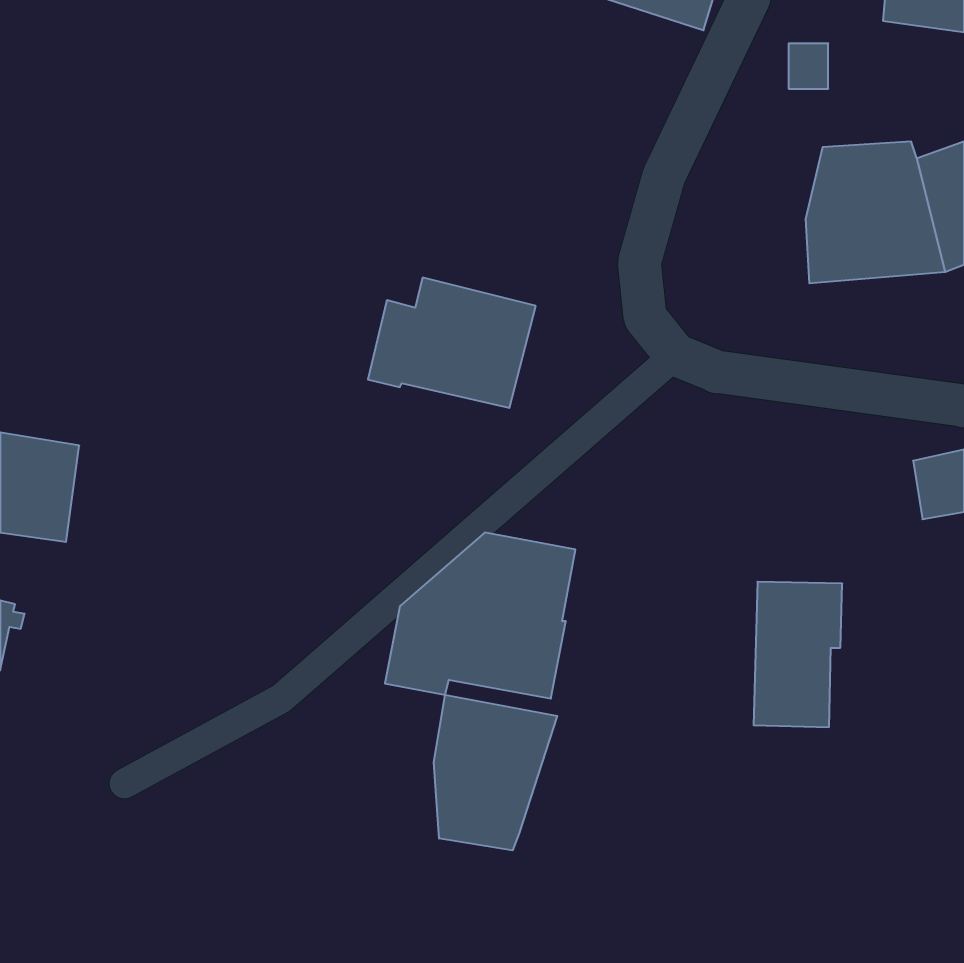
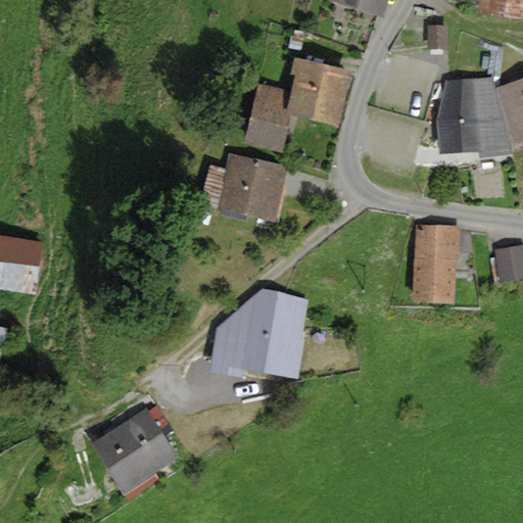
building: none -> [241,56,351,153]
building: [754,582,842,727] -> [412,224,460,302]
building: [434,695,557,850] -> none
building: none -> [92,409,178,494]

